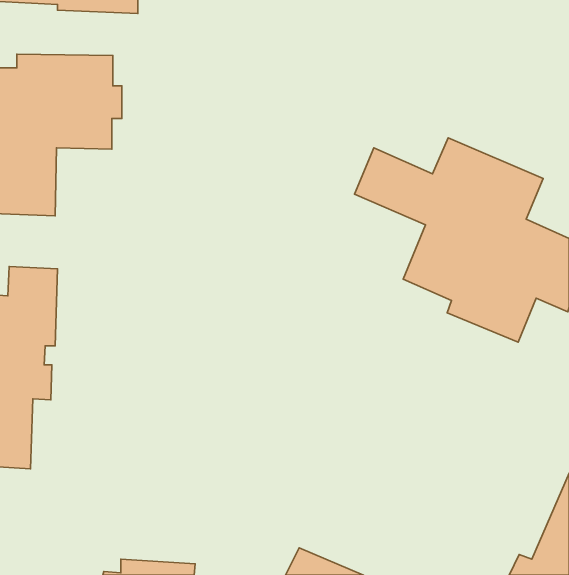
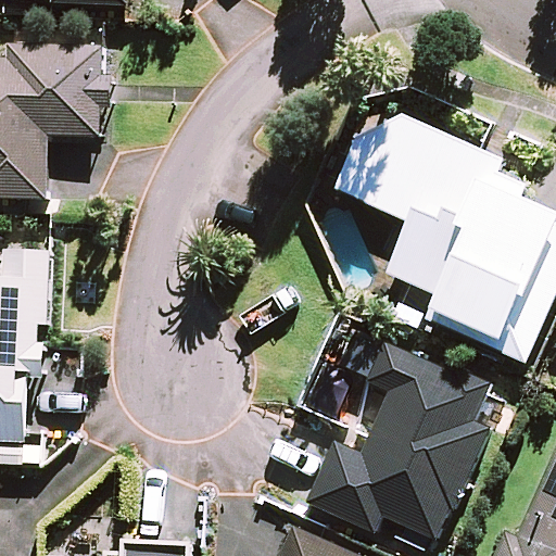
building: none -> [302,338,485,538]

